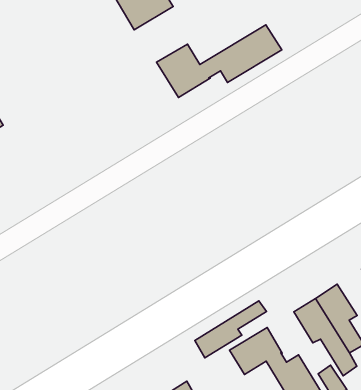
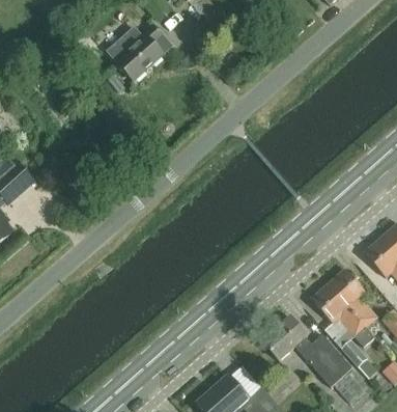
building: [157,25,282,98] -> none
building: [195,301,266,358] -> none

